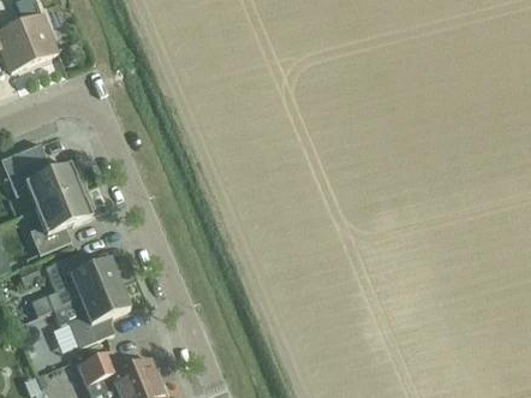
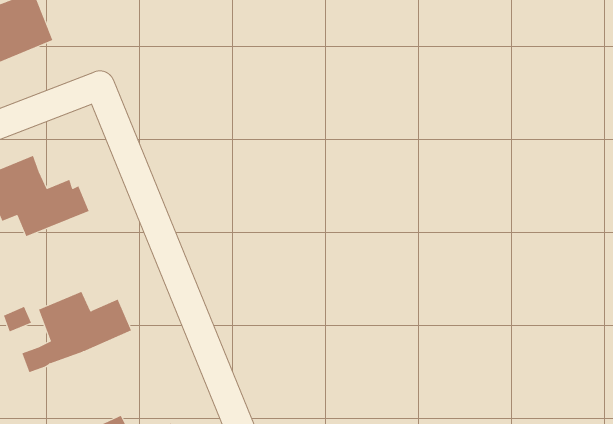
building: [29,188,93,254] -> none
building: [54,283,130,347] -> none

